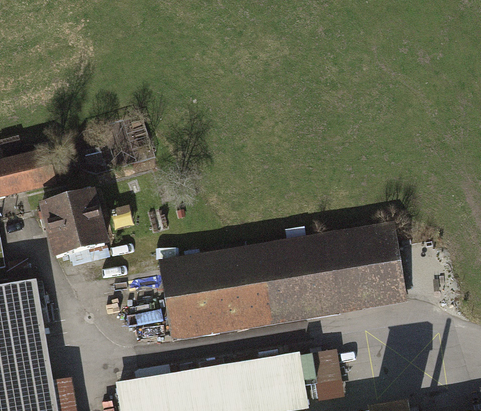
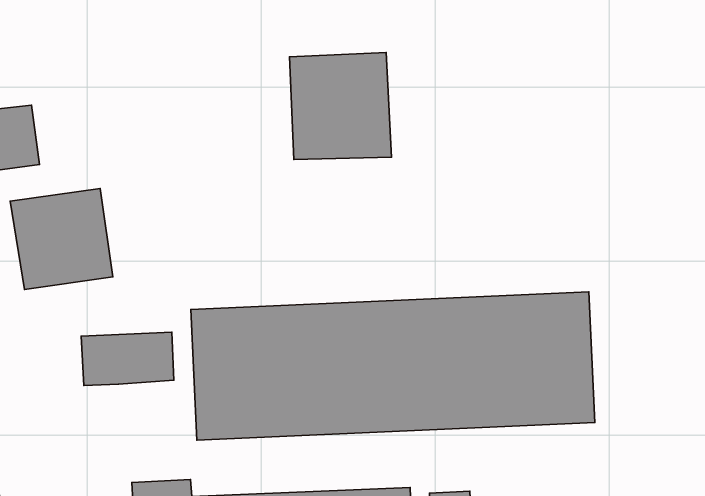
building: none -> [289,52,391,160]
building: none -> [81,332,174,386]

